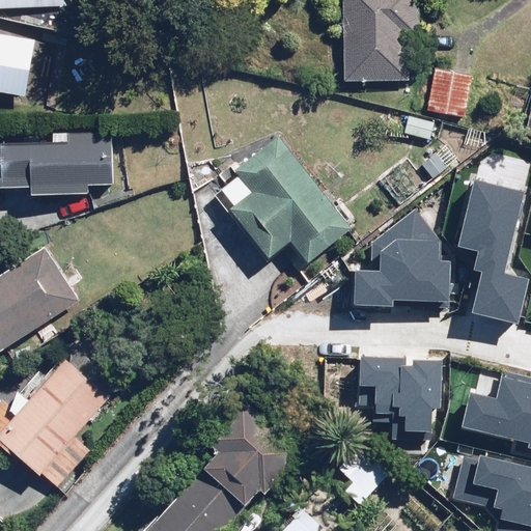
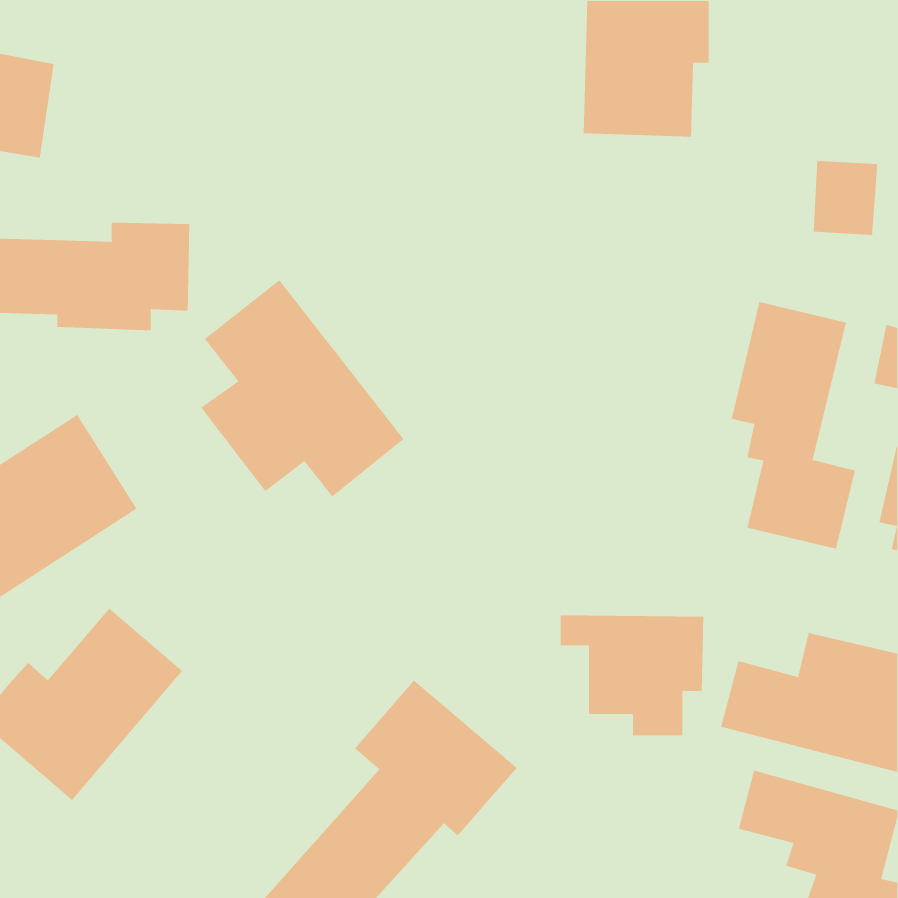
building: [431,71,470,115] -> [813,160,878,236]
building: [232,134,353,262] -> [200,279,404,497]
building: [319,209,422,309] -> none

